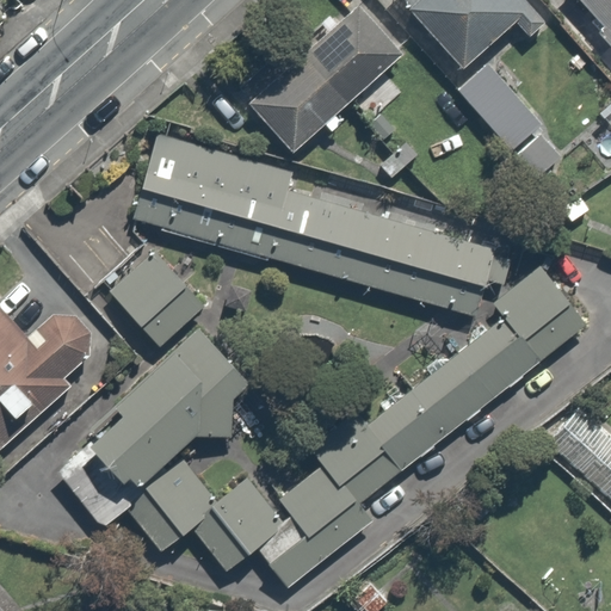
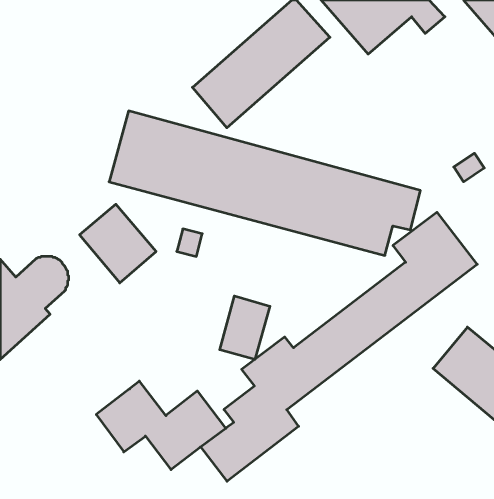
building: [458,63,562,180] -> none
building: [54,328,248,527] -> none
building: none -> [220,296,270,359]

